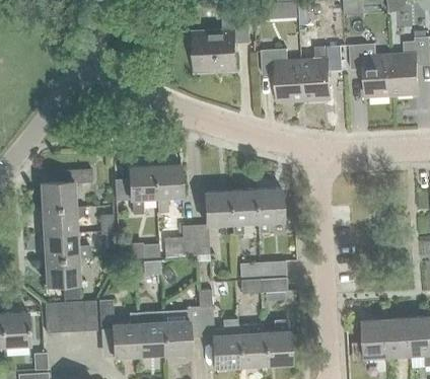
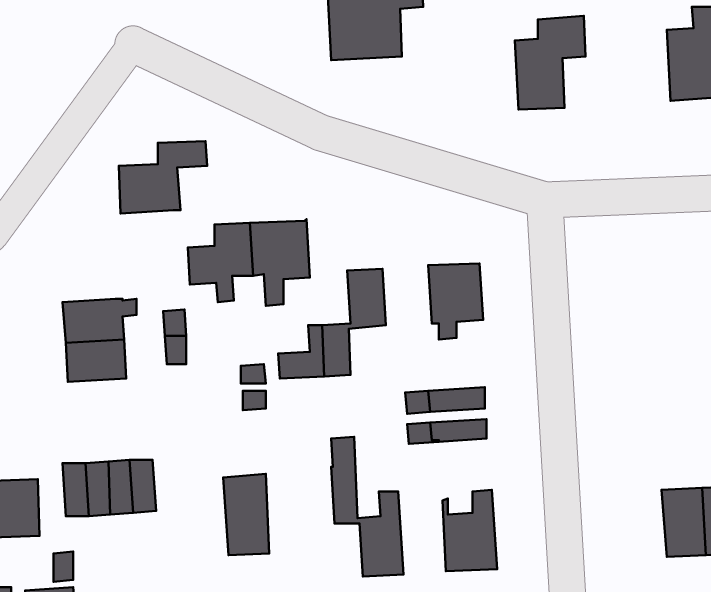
building: [349,46,389,97] -> none
building: [260,51,302,103] -> none
building: [40,170,90,212] -> [119,141,207,214]
building: [224,191,253,234] -> none
building: [44,255,79,300] -> none
building: [98,300,136,358] -> none
building: [157,306,197,356] -> none
building: [361,319,387,359] -> none
building: [233,320,261,368] -> none

